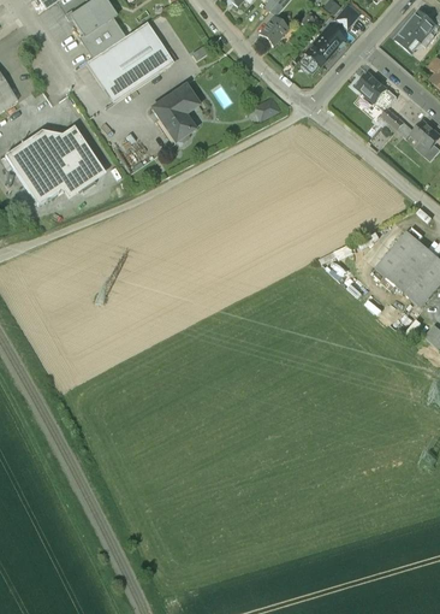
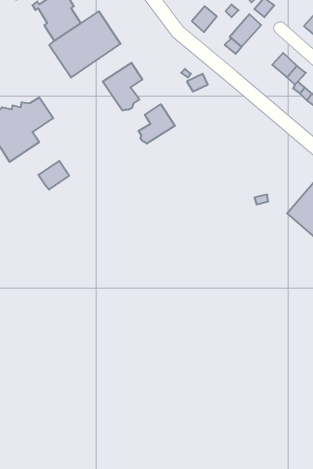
building: none -> [138,104,175,144]
building: [65,152,102,187] -> [38,161,69,190]

